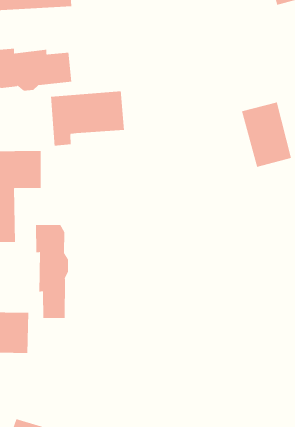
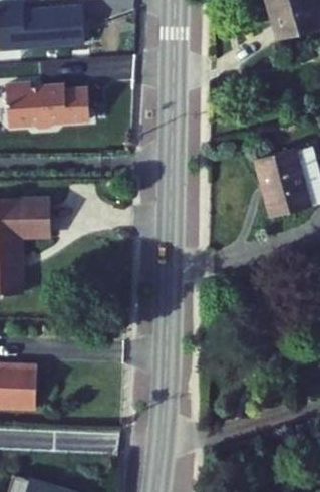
building: [51,90,125,146] -> none
building: [35,224,69,319] -> none

